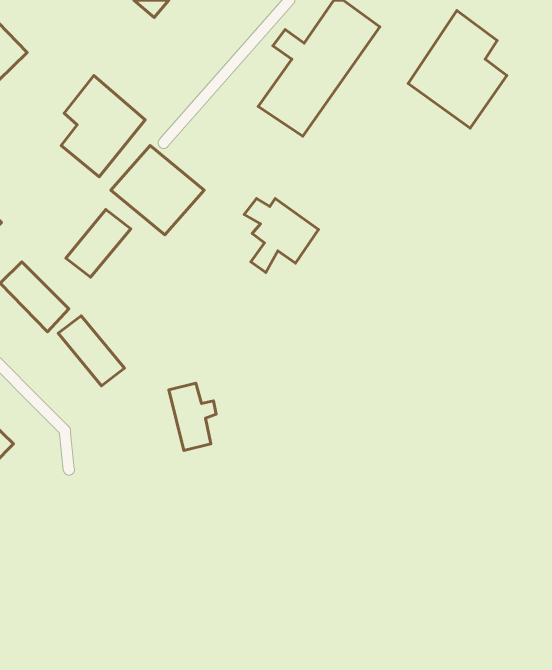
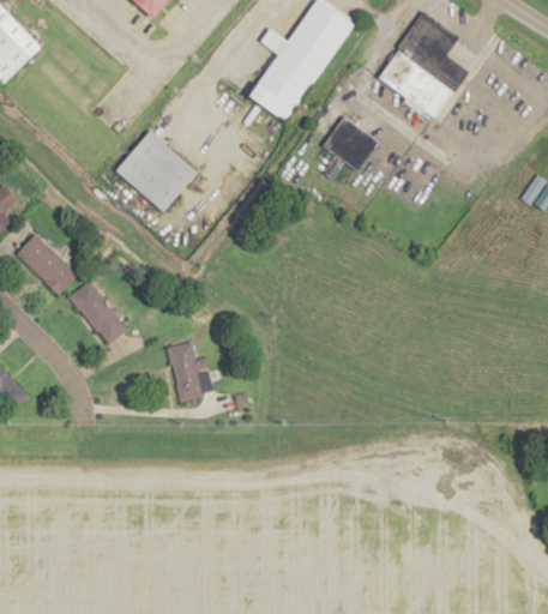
building: [61,76,145,177] -> none
building: [244,198,319,273] -> [314,114,380,180]
building: [66,209,131,277] -> none

